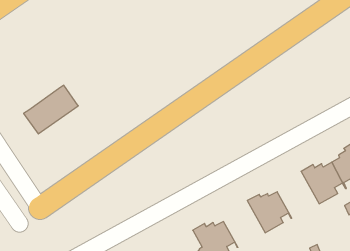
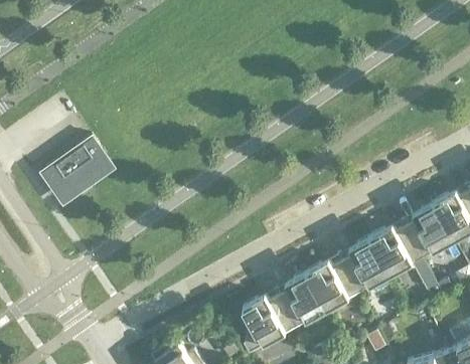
building: none -> [341,238,390,294]
building: none -> [278,272,327,328]

